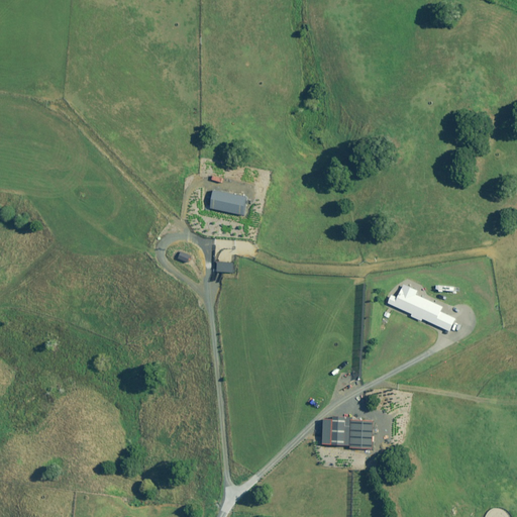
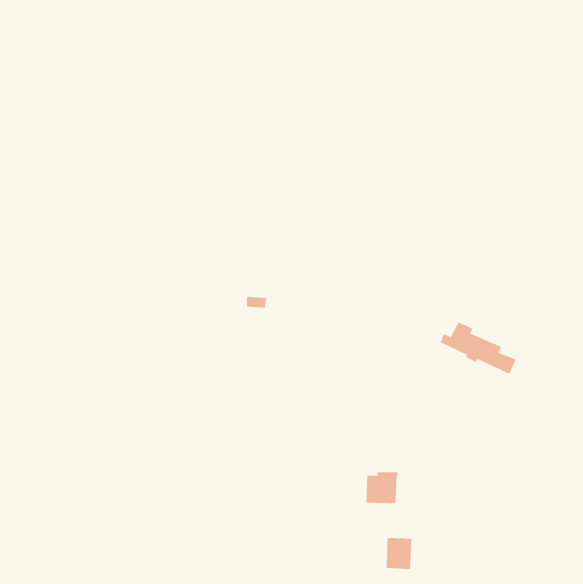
building: [209,189,246,214] -> none
building: [349,420,373,448] -> [386,537,412,569]

